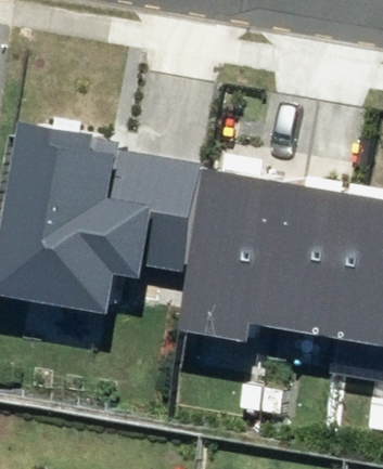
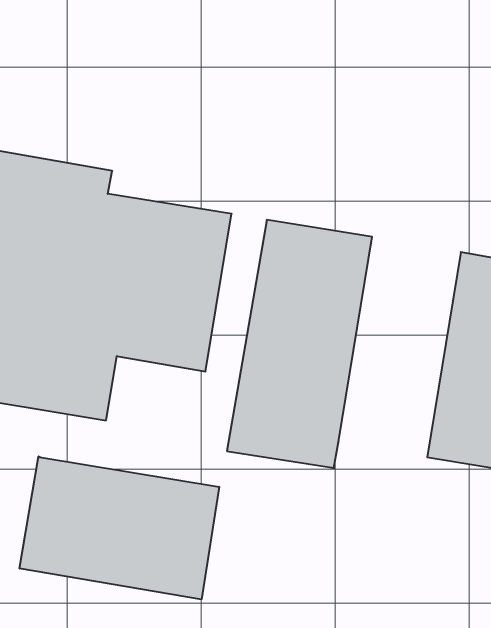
building: [272,183,359,339] -> none
building: none -> [20,456,219,599]

